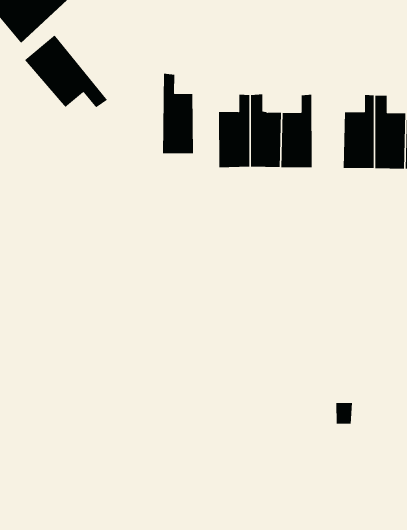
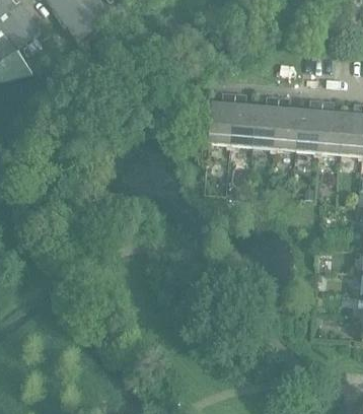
building: [24,35,108,108] -> none
building: [163,73,194,154] -> none
building: none -> [274,93,299,147]

